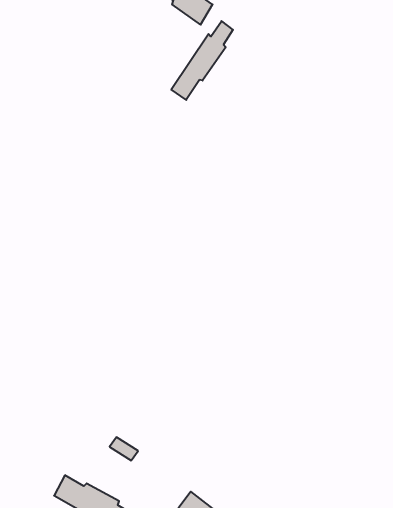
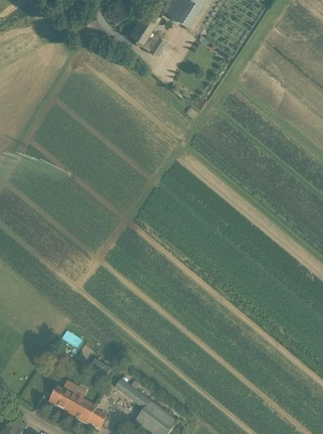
building: [171,21,233,100] -> none

